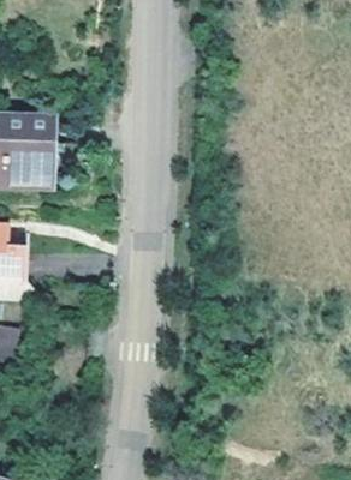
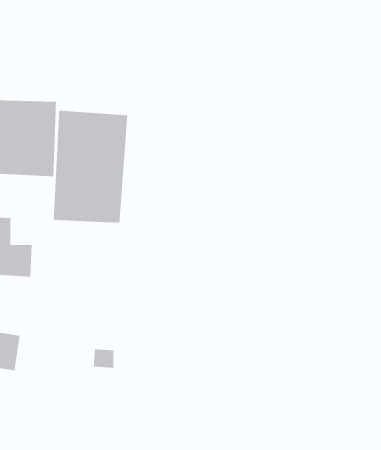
building: none -> [53,110,128,224]

